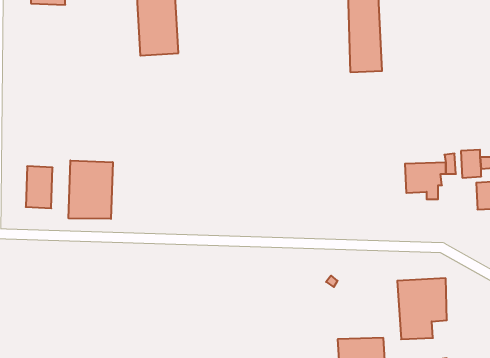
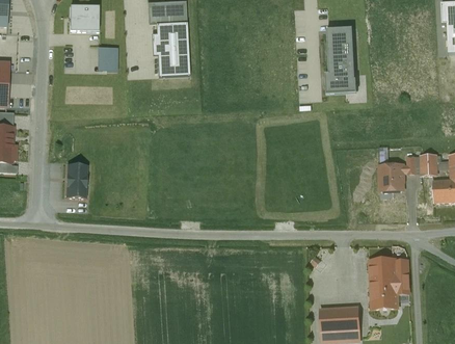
building: none -> [97,49,116,72]
building: [69,160,113,219] -> none

